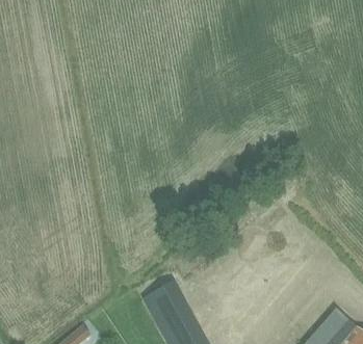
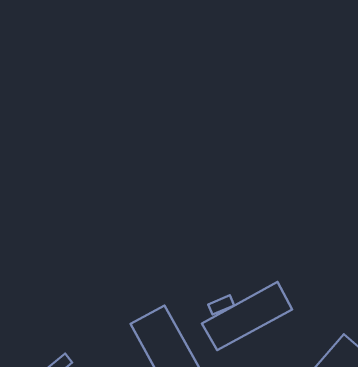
building: none -> [202,282,292,350]

